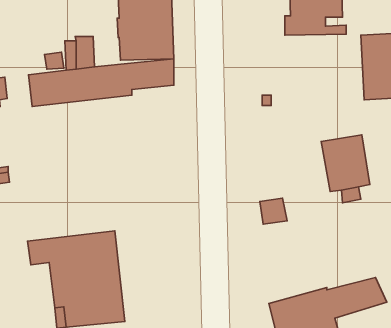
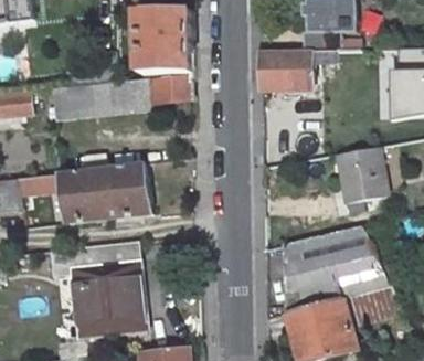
building: none -> [259,50,361,91]
building: none -> [57,163,149,224]
building: none -> [284,226,390,312]

